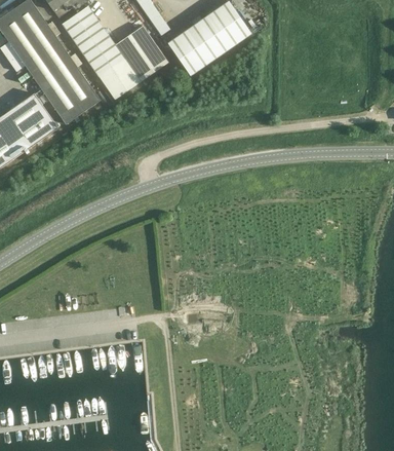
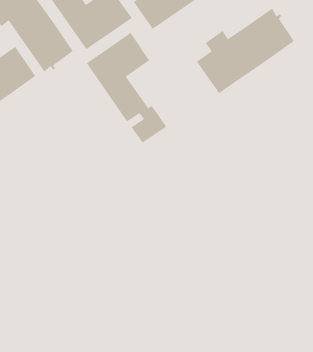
building: none -> [196,8,295,94]
building: none -> [86,32,167,144]

